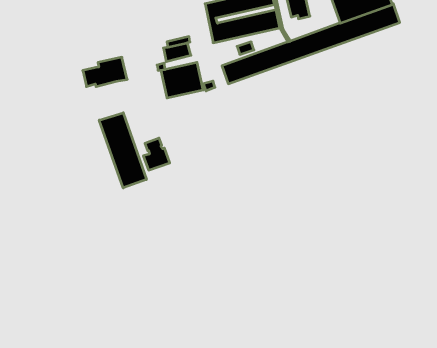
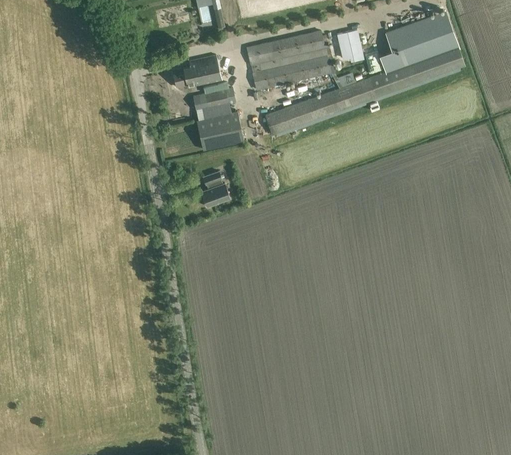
building: [83,57,127,87] -> [171,54,221,87]
building: [99,113,146,188] -> none
building: [143,138,170,170] -> [200,172,230,208]

